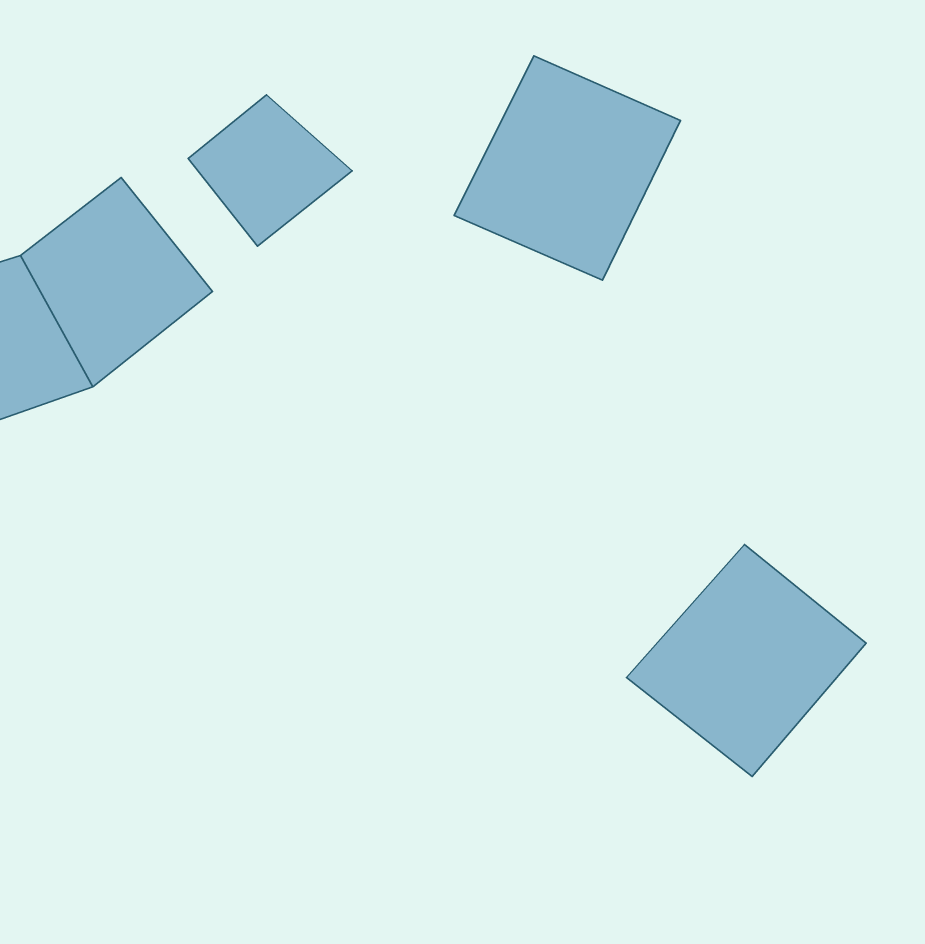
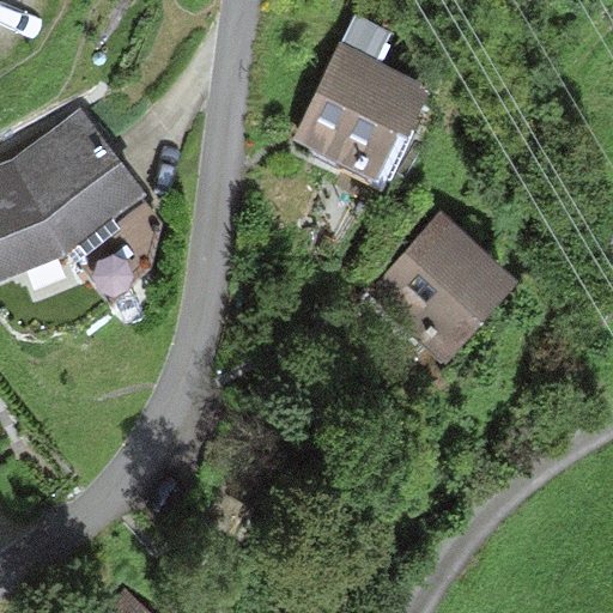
building: [188,95,352,246] -> none
building: [627,544,866,776] -> [366,214,517,360]

